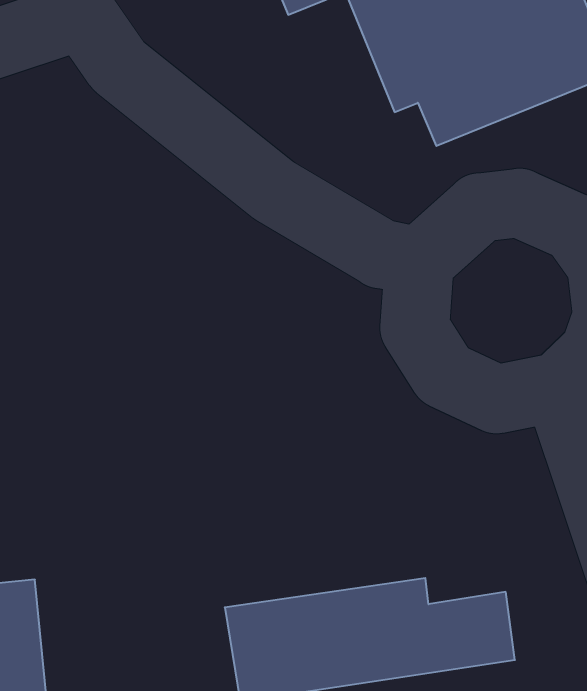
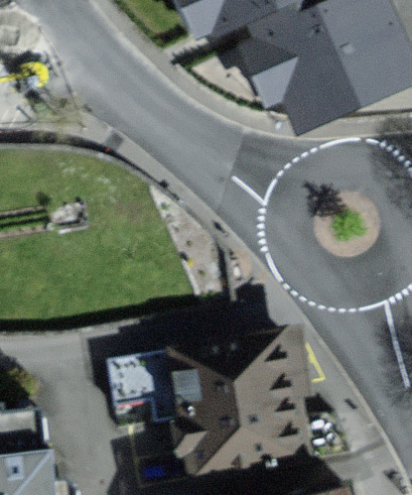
building: none -> [106,337,310,426]

